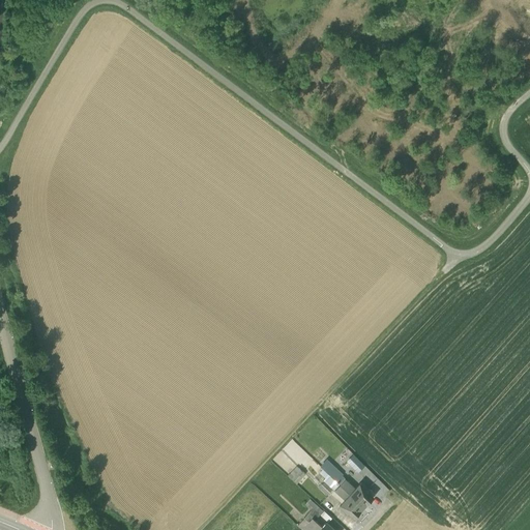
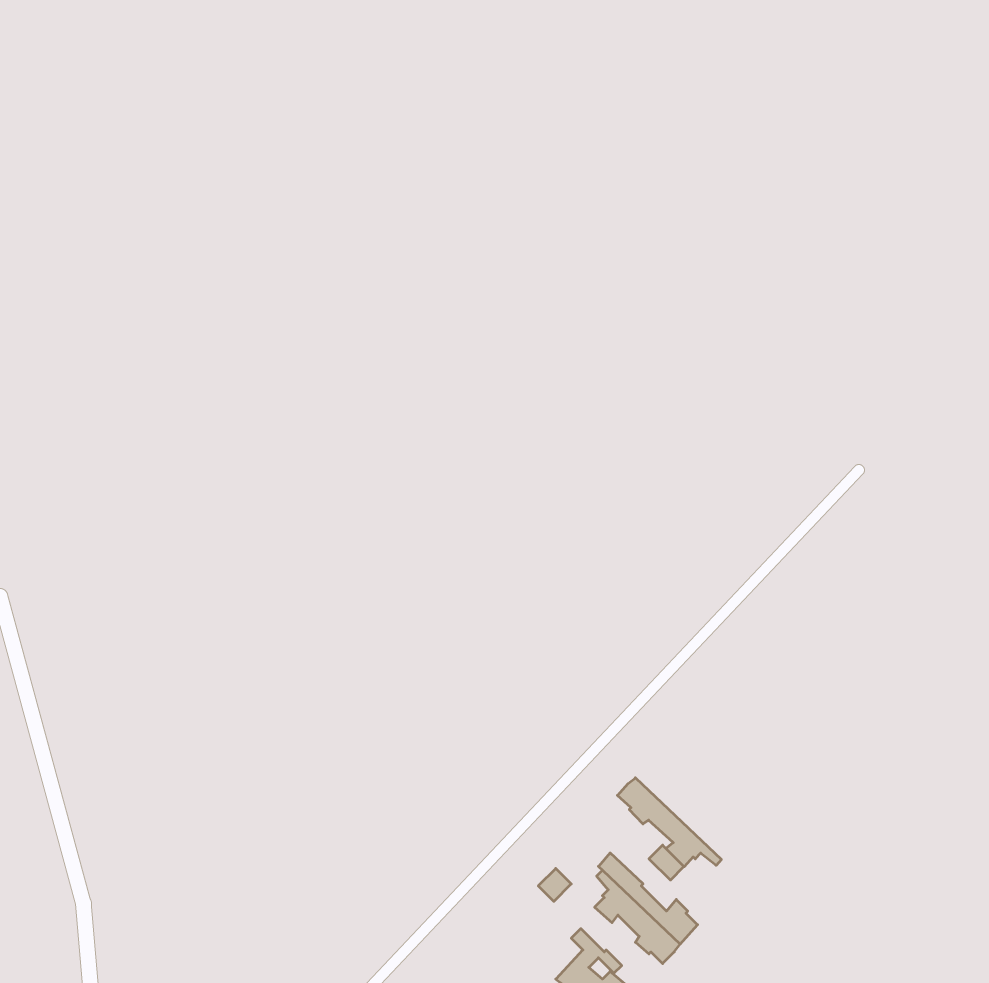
building: none -> [617,778,721,867]

